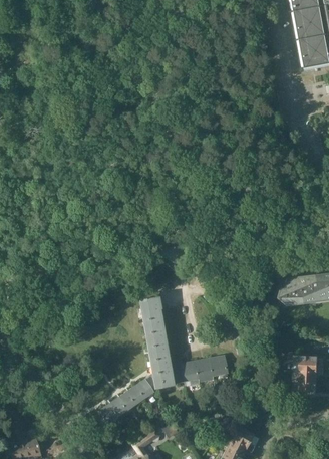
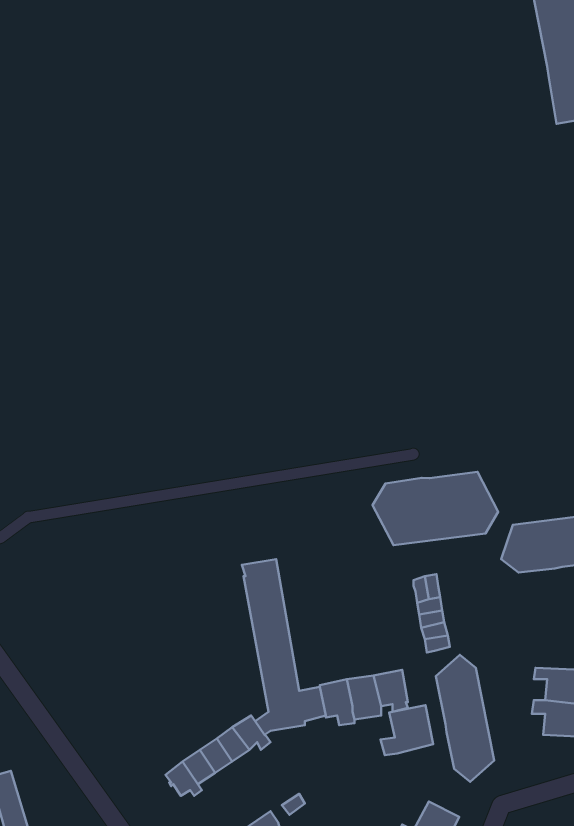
building: none -> [373,472,498,545]
building: none -> [436,655,494,782]
building: none -> [381,705,433,755]

